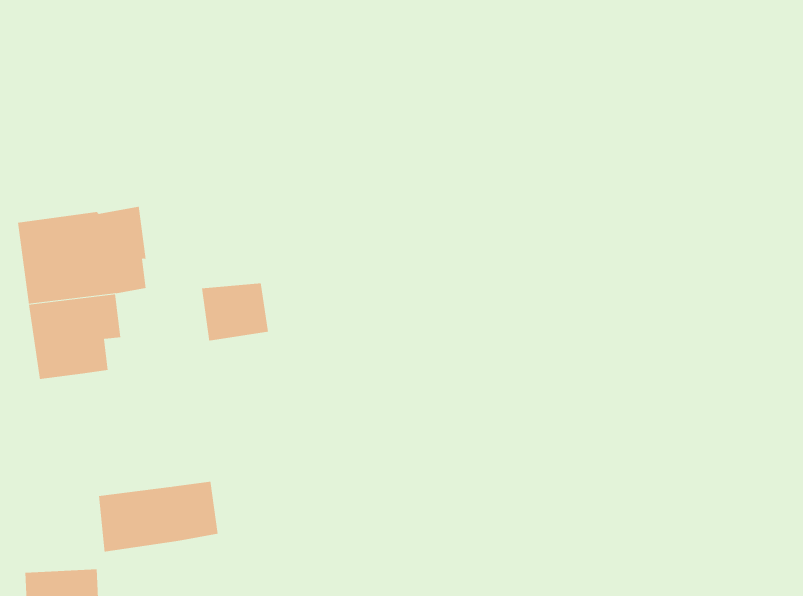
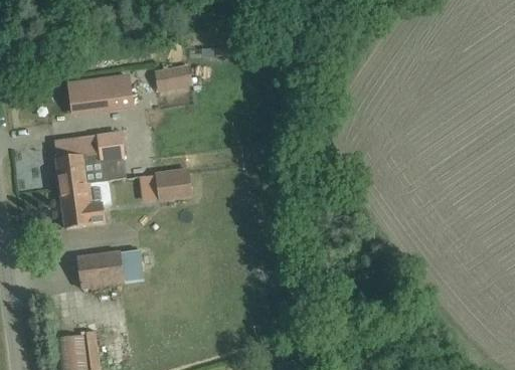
building: none -> [154,64,187,87]
building: none -> [68,75,131,114]
building: [98,481,219,552] -> [77,248,144,288]

